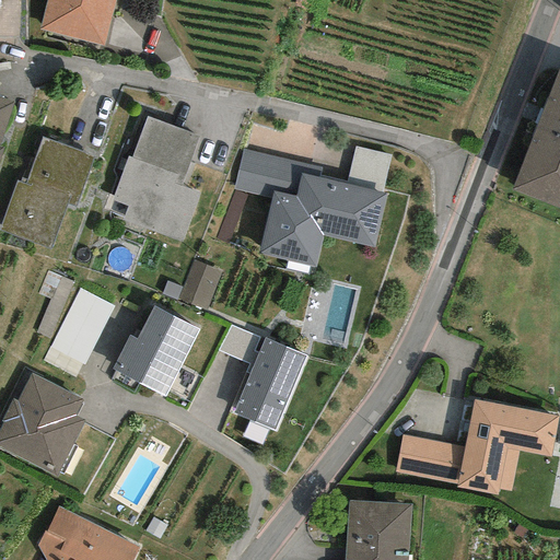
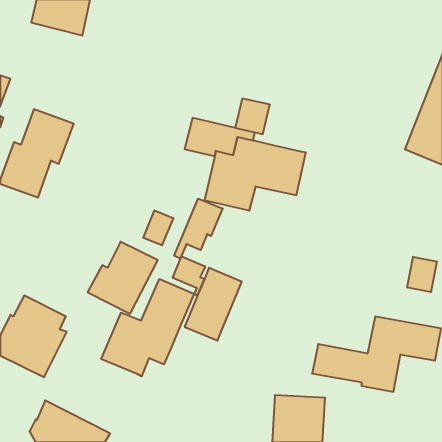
building: [112,116,202,241] -> none
building: [347,147,390,191] -> [235,99,270,134]
building: none -> [174,199,223,258]
building: [49,288,115,363] -> none
building: none -> [407,257,437,292]
building: none -> [101,279,194,376]

